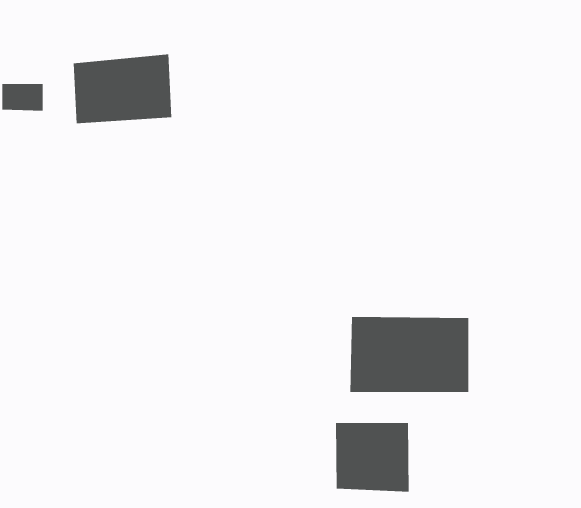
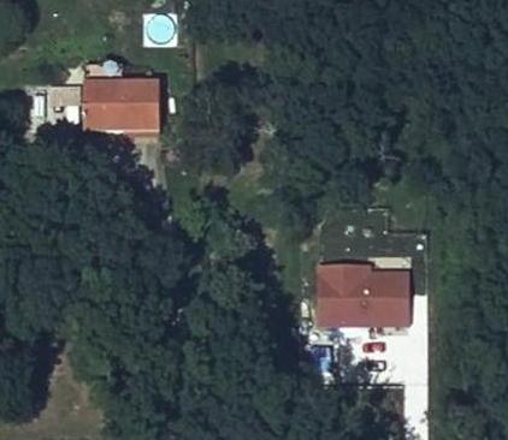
building: [335,422,409,493] -> none

